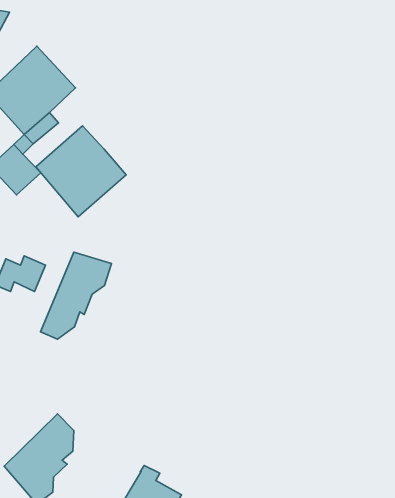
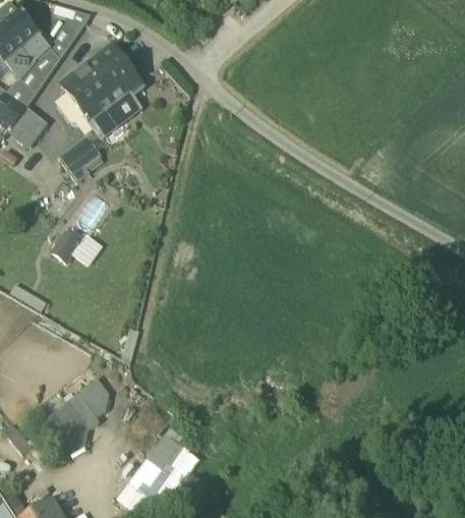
building: [36,126,126,217] -> none
building: [40,252,111,339] -> none

